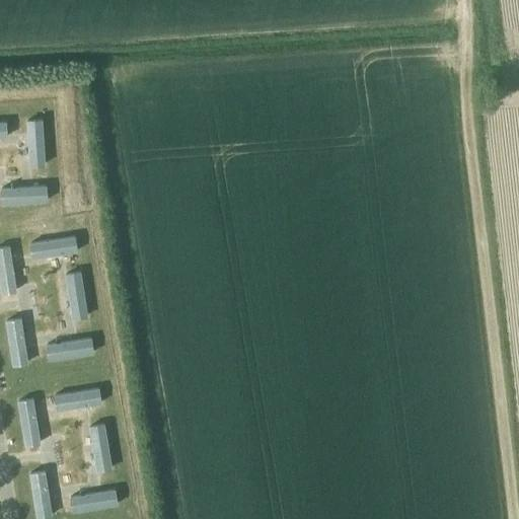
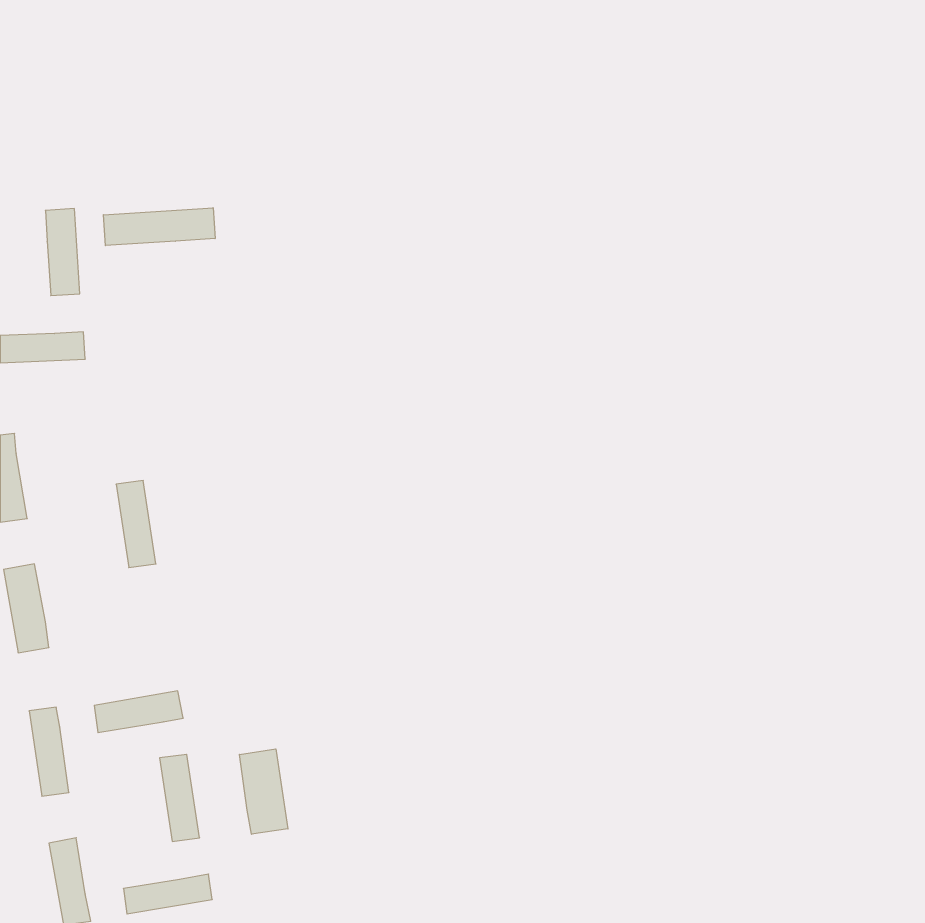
building: none -> [103,208,215,246]
building: [29,236,79,260] -> none
building: [46,339,95,362] -> none
building: none -> [239,749,288,834]

